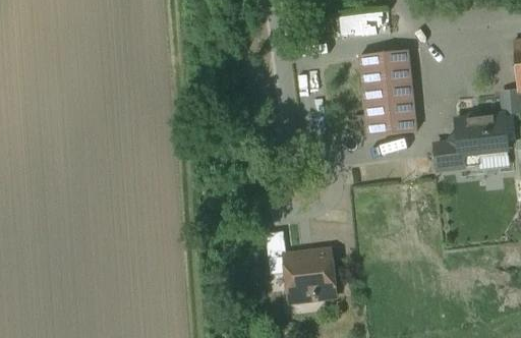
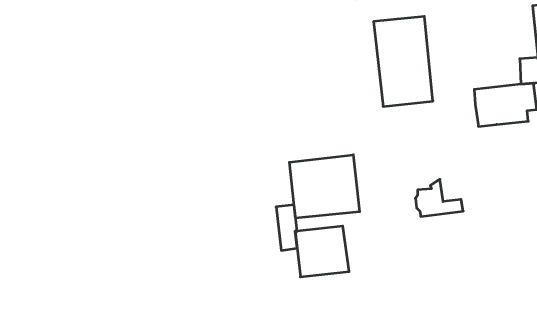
building: [435,134,480,170] -> [415,179,463,216]
building: none -> [289,155,360,218]

